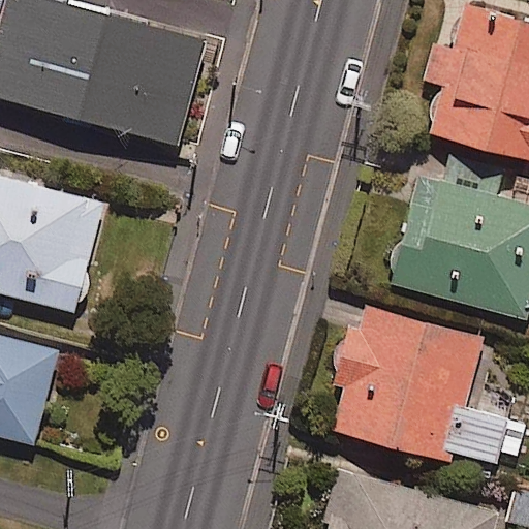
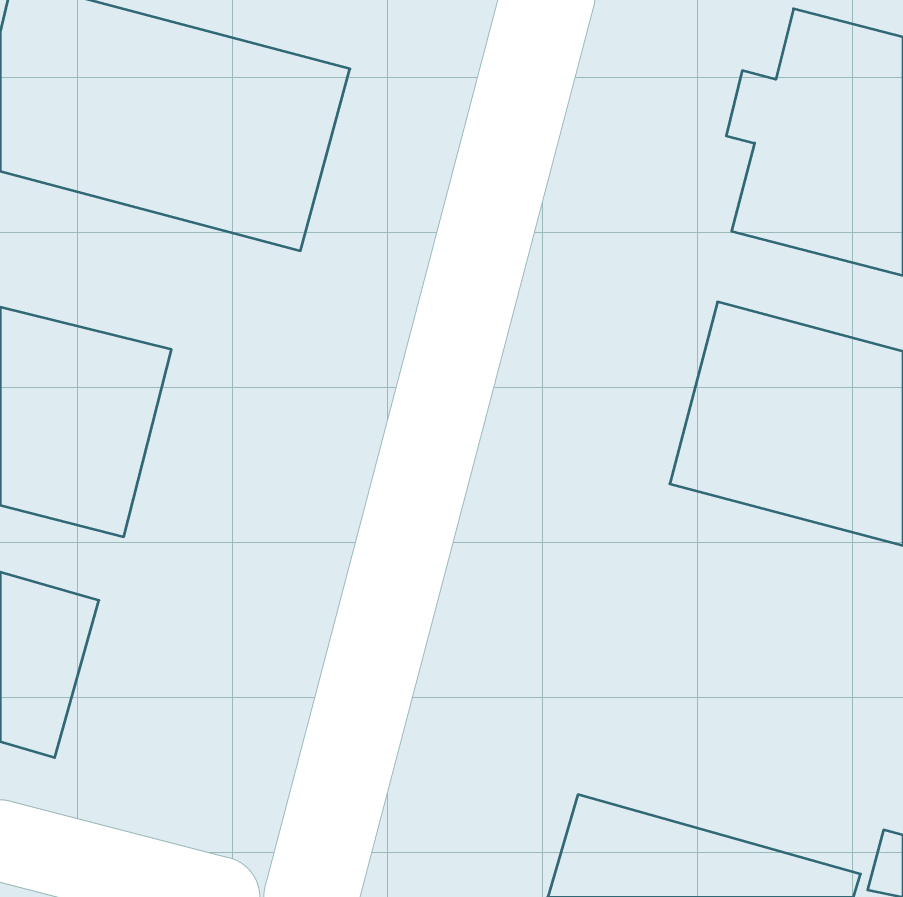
building: [324,300,510,467] -> none

